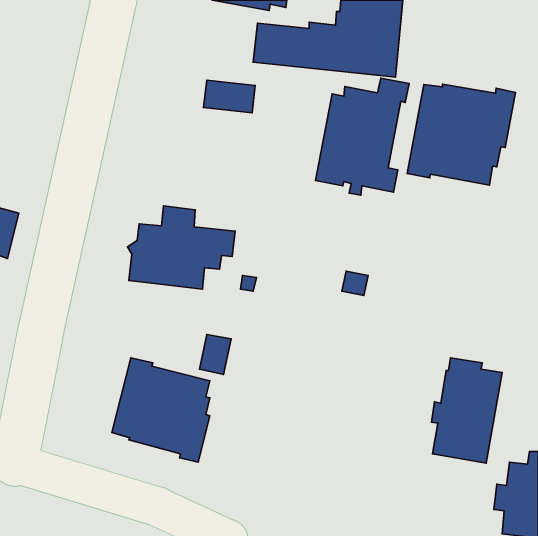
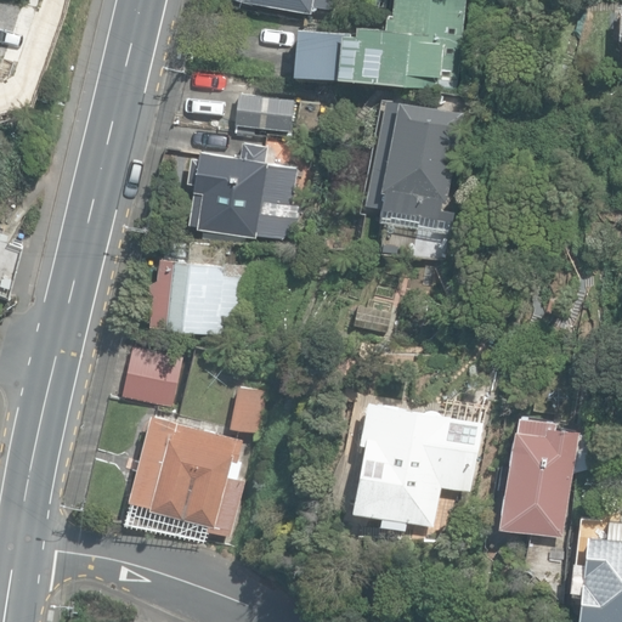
building: [407,84,515,185] -> none
building: none -> [187,145,300,241]
building: none -> [119,345,182,408]
building: none -> [352,398,484,530]

